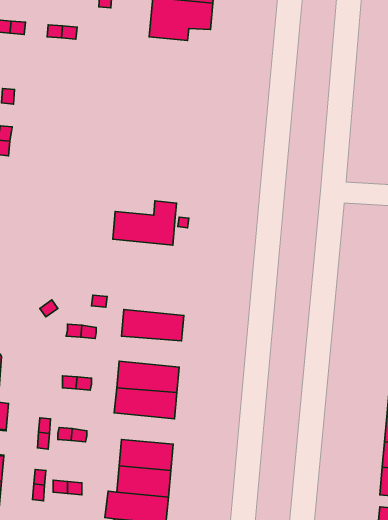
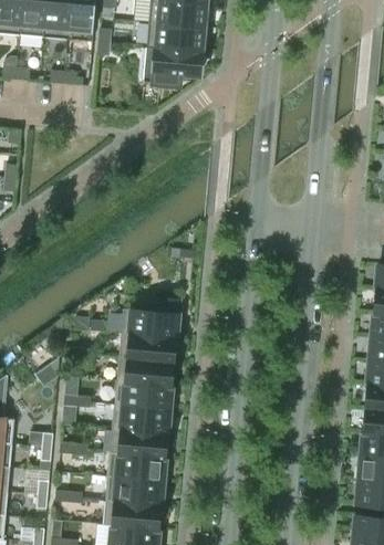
building: [113,201,177,245] -> [120,297,178,338]
building: none -> [115,357,173,386]
building: none -> [108,428,166,457]

